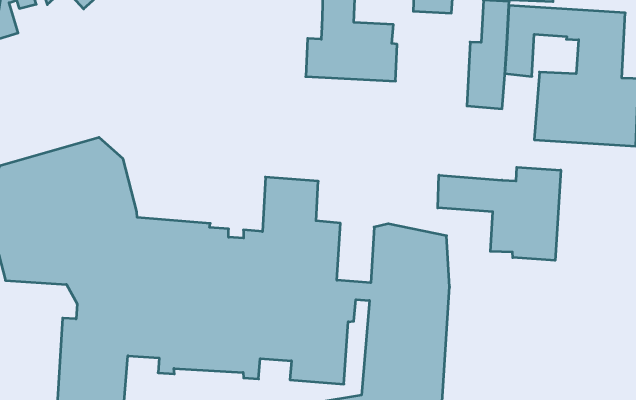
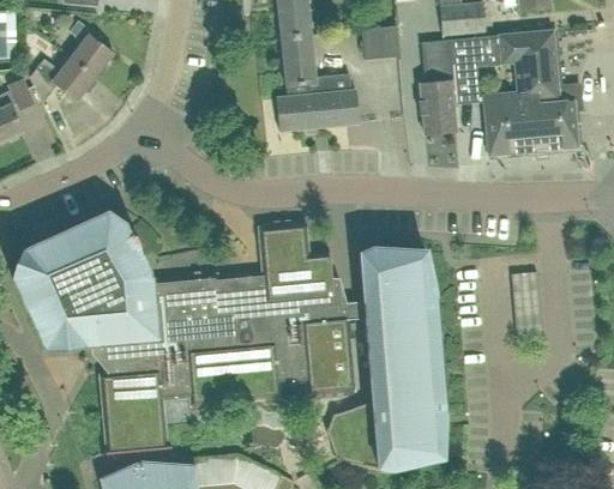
building: [438,167,561,260] -> none

